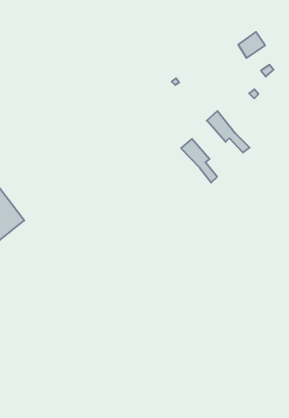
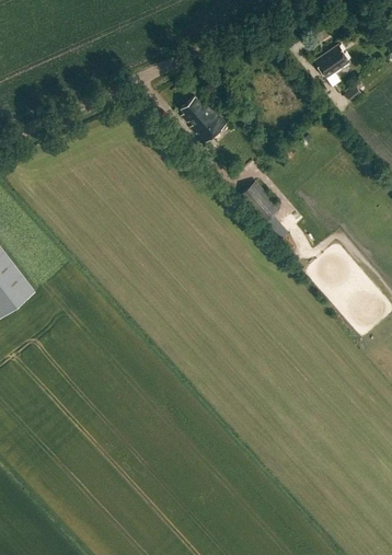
building: none -> [181,97,227,144]
building: [207,111,250,153] -> none

